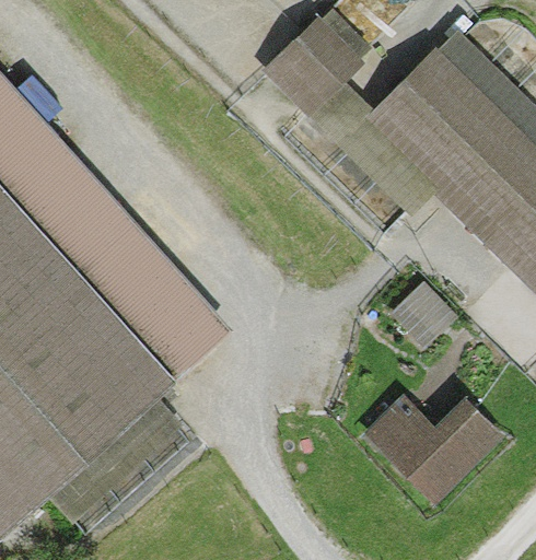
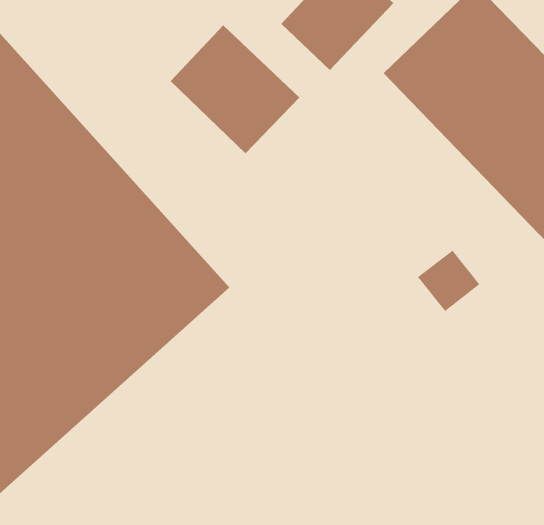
building: none -> [170,25,300,154]
building: [358,398,501,512] -> none

